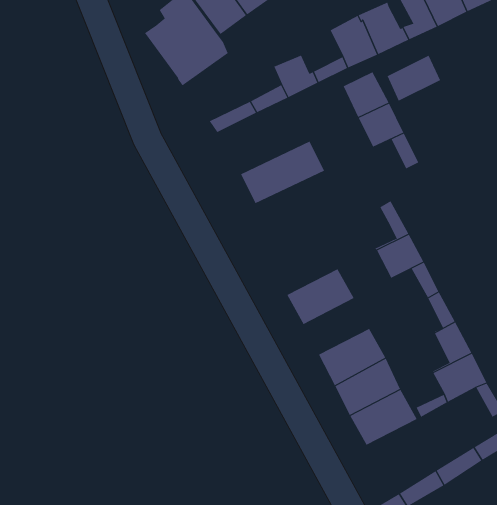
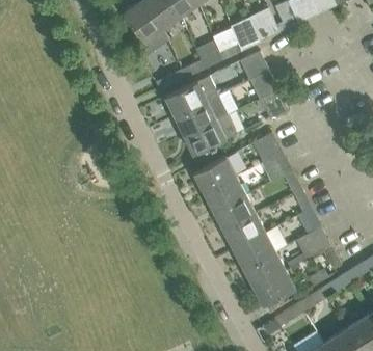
building: [387,55,441,101] -> none
building: none -> [166,75,219,116]
building: none -> [185,114,238,155]
building: none -> [194,156,237,192]
building: none -> [215,194,257,230]
building: none -> [255,270,296,305]

